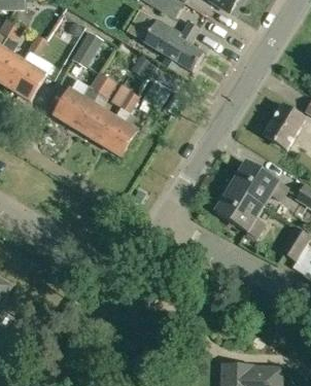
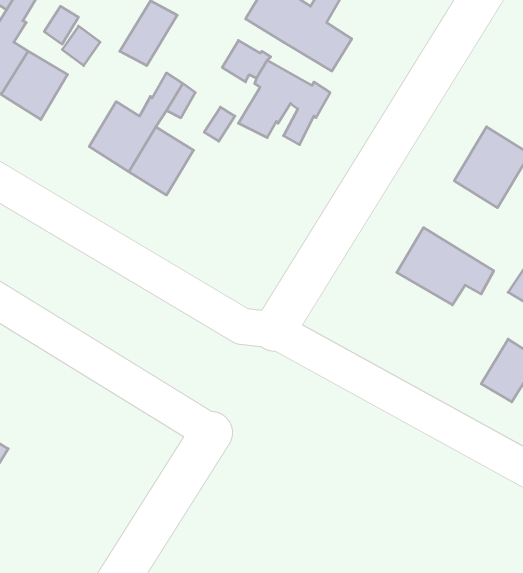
building: [98,115,136,154] -> none
building: [214,185,263,235] -> none

